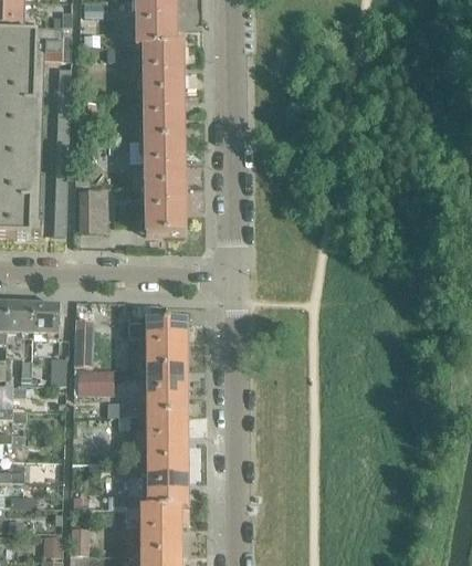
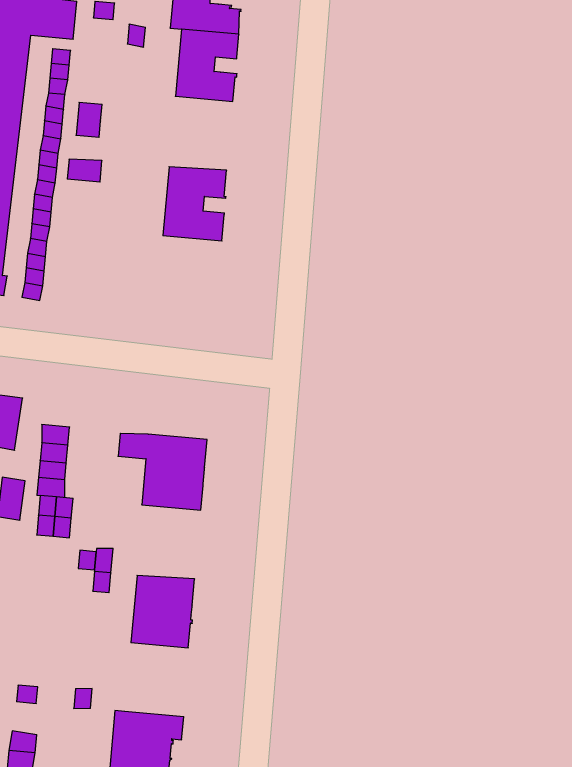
building: [144,93,183,140] -> none
building: [144,187,185,234] -> none
building: [77,191,107,233] -> none
building: [146,368,186,416] -> none
building: [147,461,187,507] -> none

